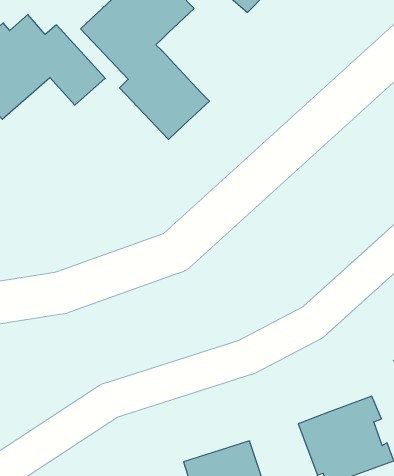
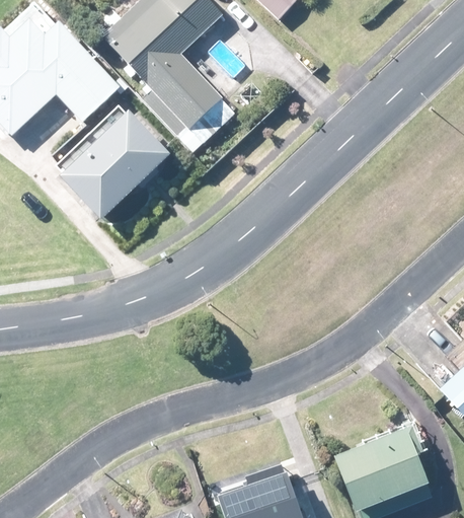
building: none -> [69,105,182,217]

